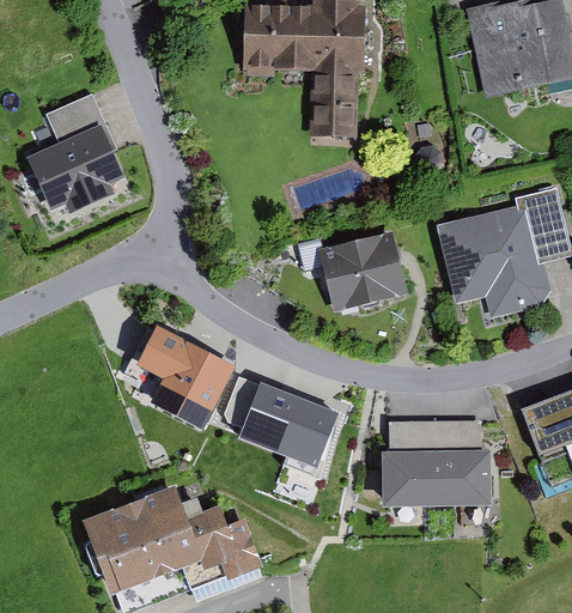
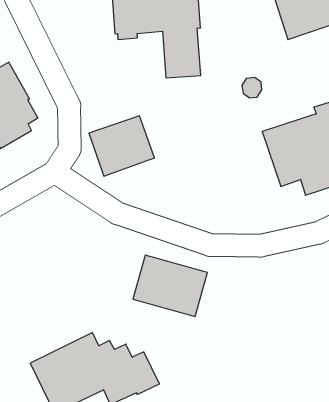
building: [317,231,406,311] -> [89,116,154,176]
building: [127,329,235,421] -> none
building: [381,421,491,503] -> none

